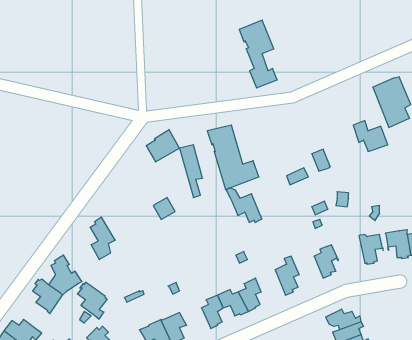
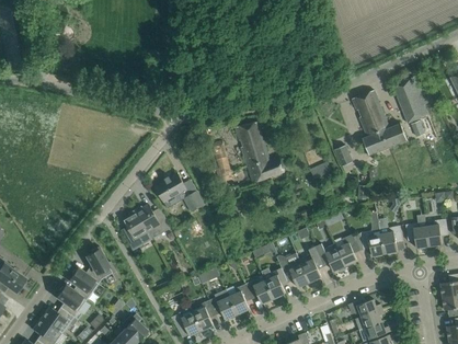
building: [239,20,277,88] -> [353,90,389,154]
building: [146,130,180,162] -> [156,172,187,203]
building: [226,188,262,222] -> [276,254,310,287]
building: none -> [135,205,171,233]
building: none -> [360,225,386,256]
building: none -> [316,243,346,271]
building: [77,282,107,319] -> [57,285,85,320]
building: none -> [209,289,239,320]

